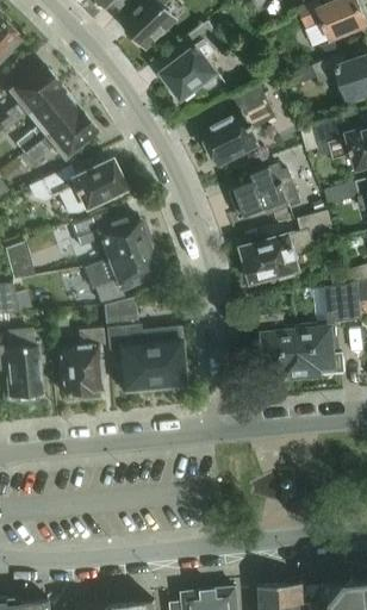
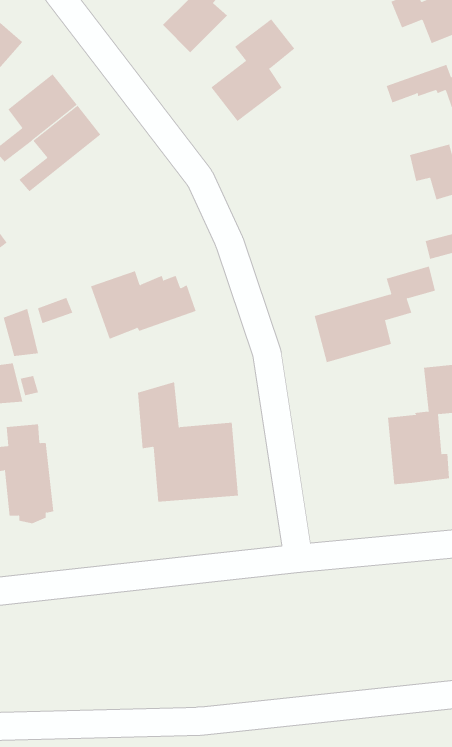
building: [203,86,276,166] -> none
building: [24,110,98,163] -> none
building: [27,161,125,214] -> none
building: [235,168,300,217] -> none
building: [94,244,158,304] -> none
building: [259,315,301,380] -> none
building: [60,330,104,393] -> none

